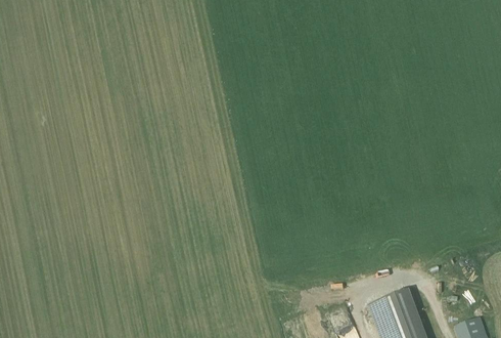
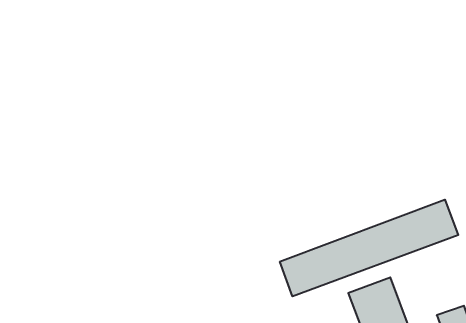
building: none -> [280,200,458,296]

